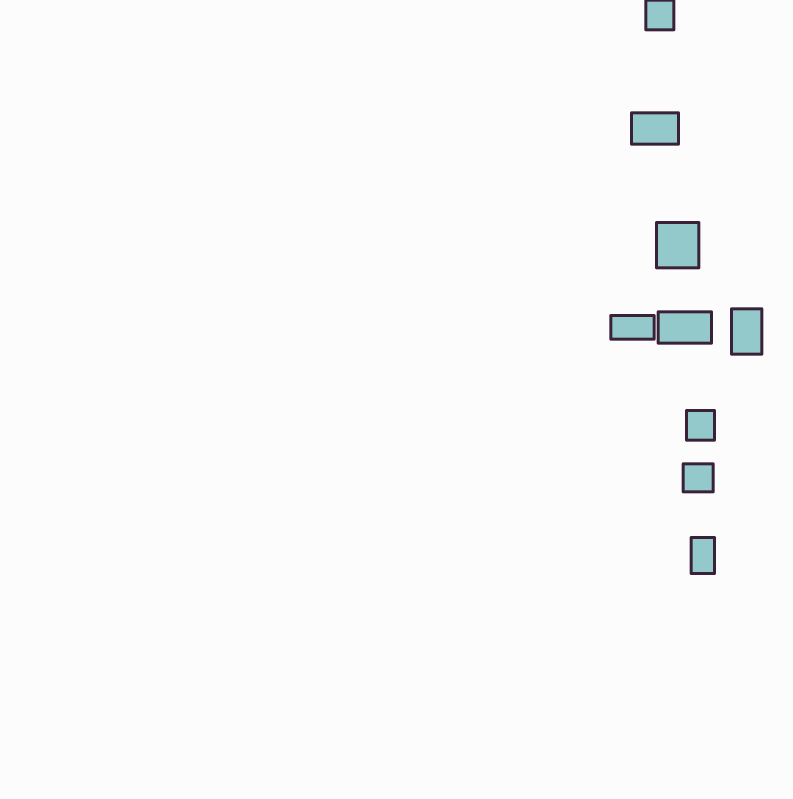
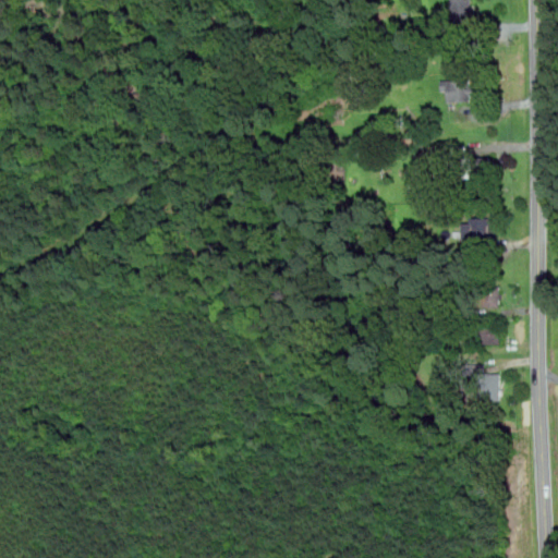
building: [732,309,762,354] -> none
building: [611,316,654,339] -> none

